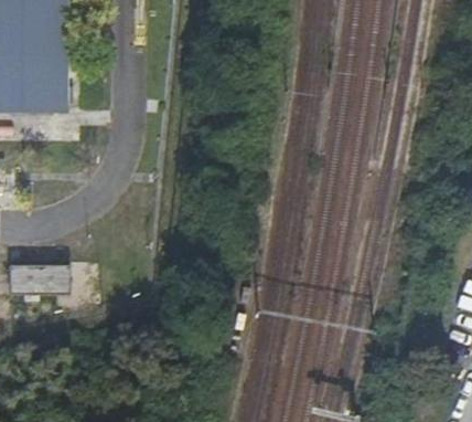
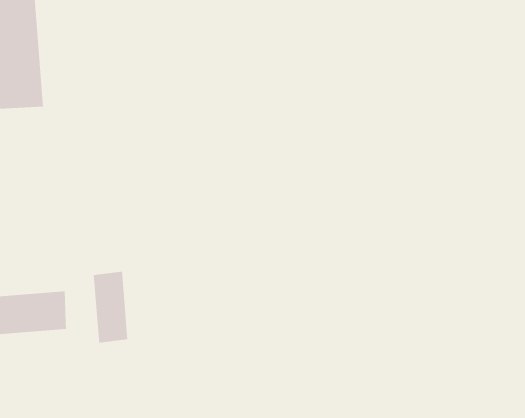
building: none -> [93,271,128,343]

